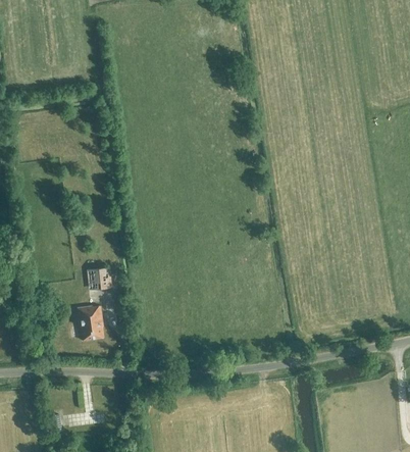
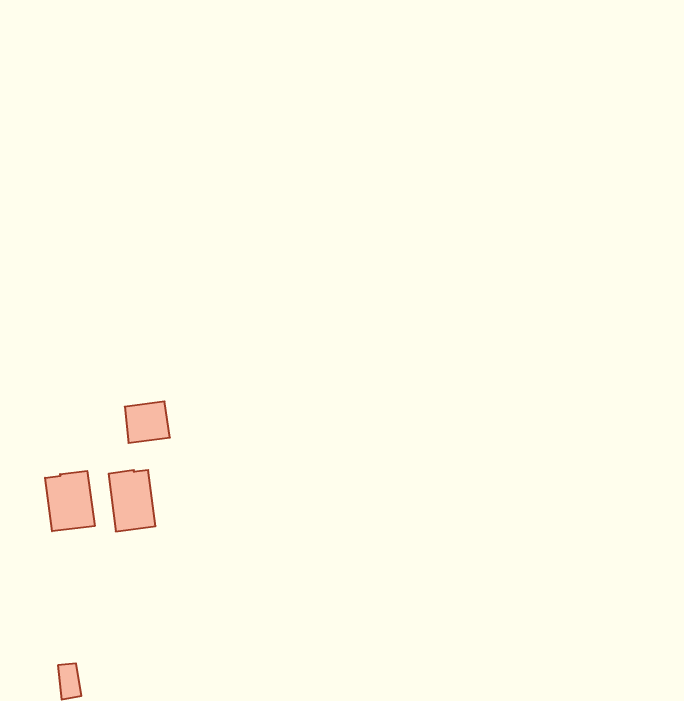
building: none -> [45,471,95,531]

